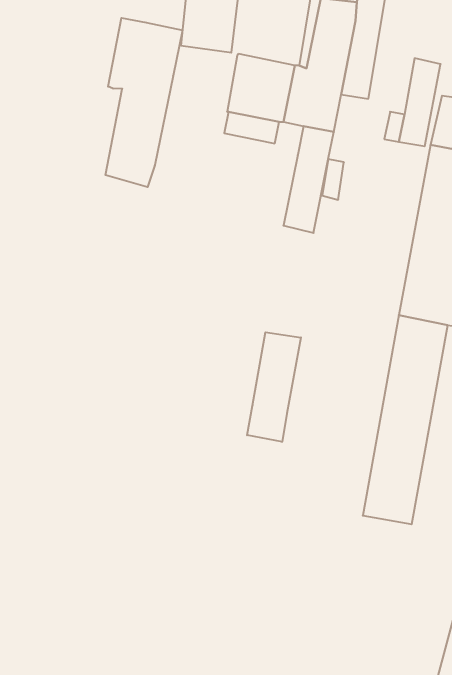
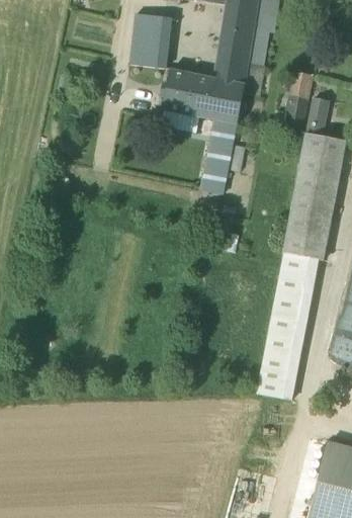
building: [105,18,183,187] -> none
building: [247,332,301,442] -> none

